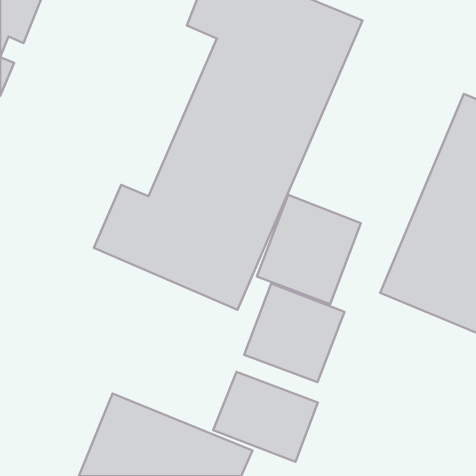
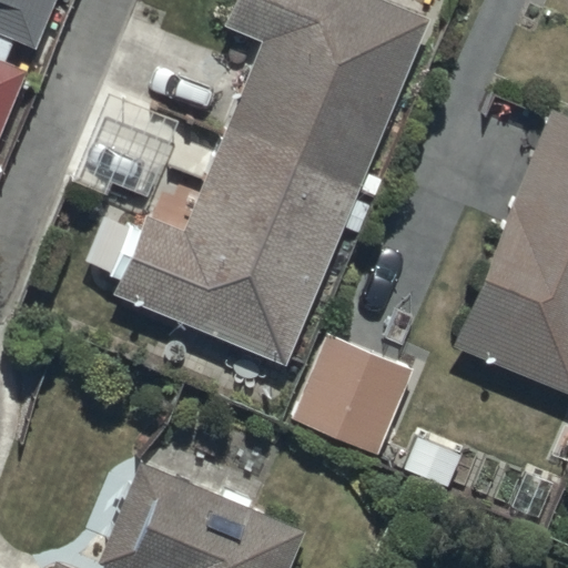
building: [257,195,361,304] -> none
building: [213,372,318,462] -> none

